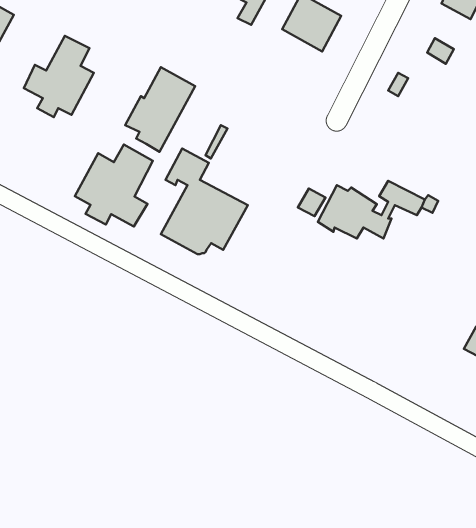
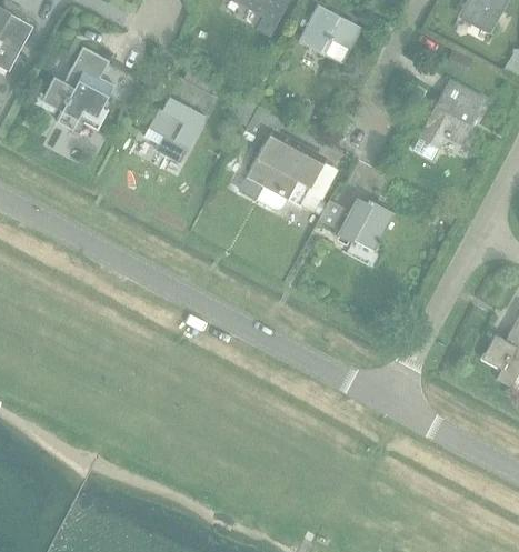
building: none -> [412,78,485,160]
building: [75,145,153,227] -> none
building: [161,149,248,254] -> [237,104,323,210]

